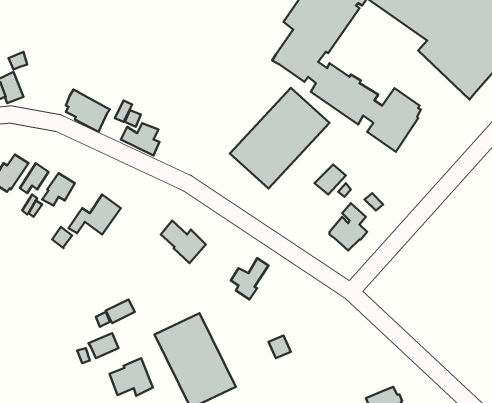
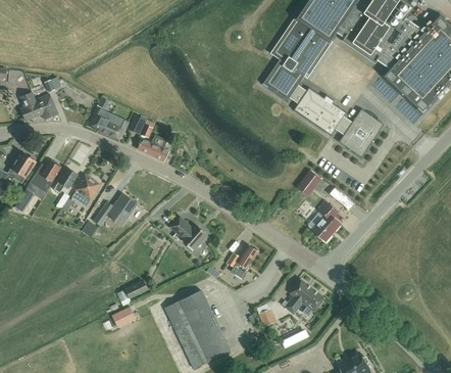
building: [230,88,330,188] -> none
building: none -> [285,280,324,315]
building: [110,358,153,396] -> none

